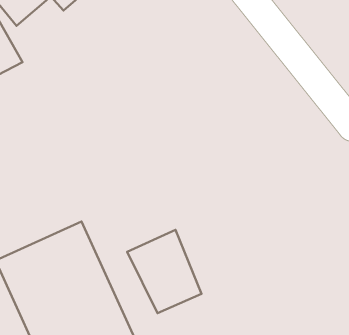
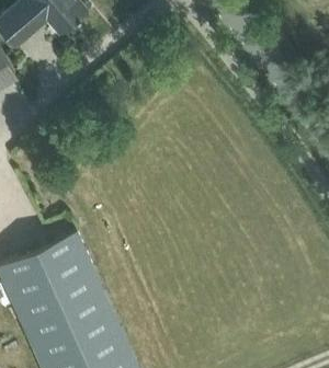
building: [127,230,202,313] -> none

